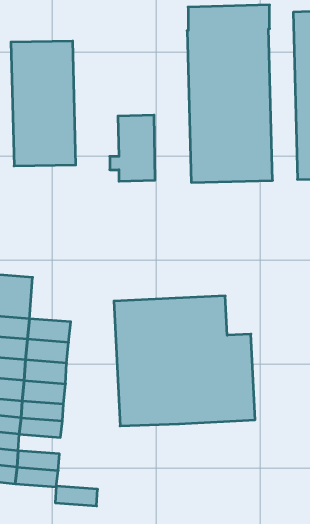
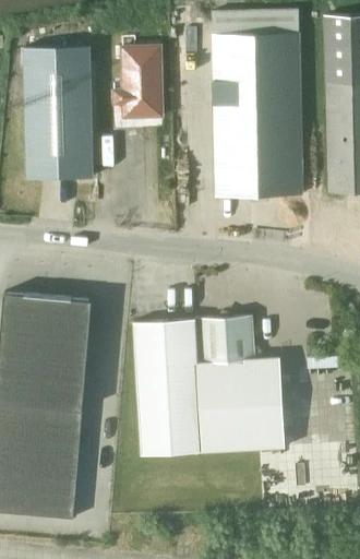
building: [110,115,155,181] -> [112,46,160,116]
building: none -> [44,297,91,344]
building: [55,486,98,506] -> [32,463,76,484]

